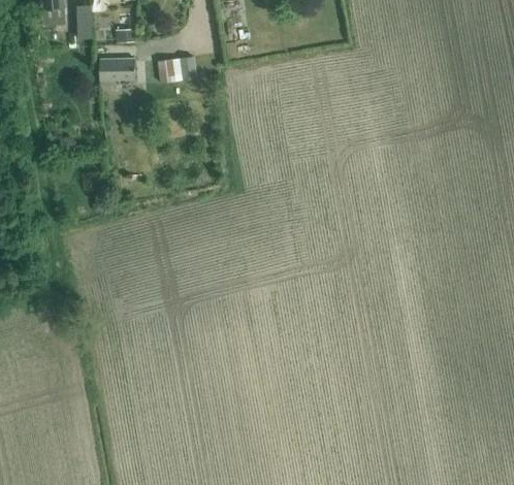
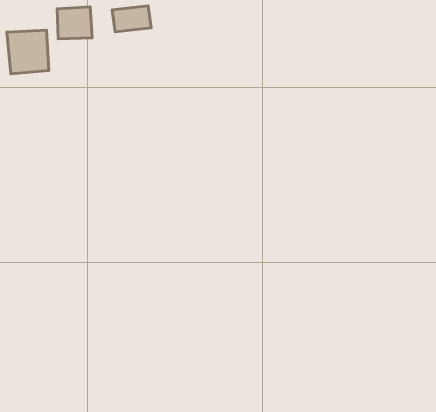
building: none -> [7,30,49,74]

